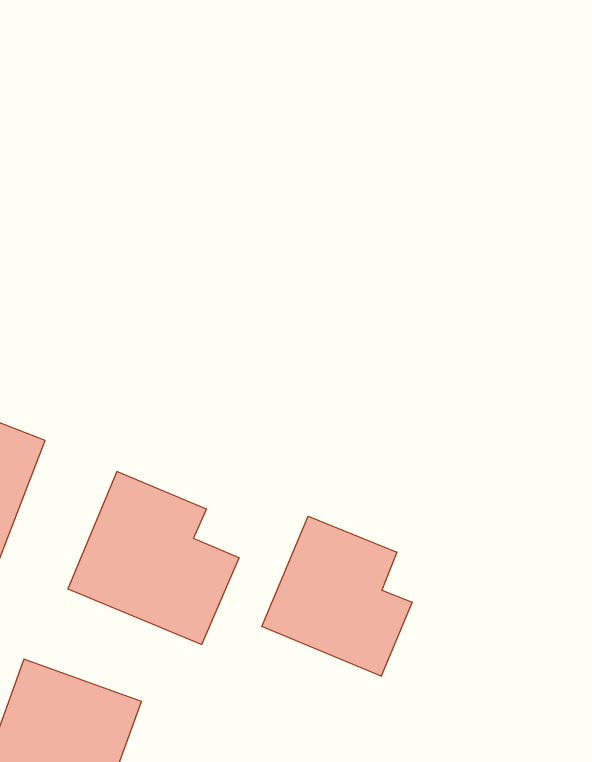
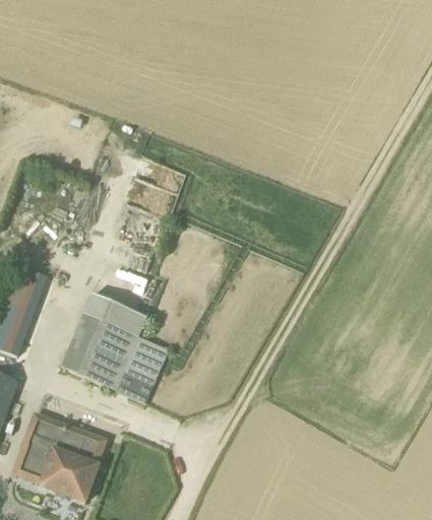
building: [262,516,412,676] -> none

